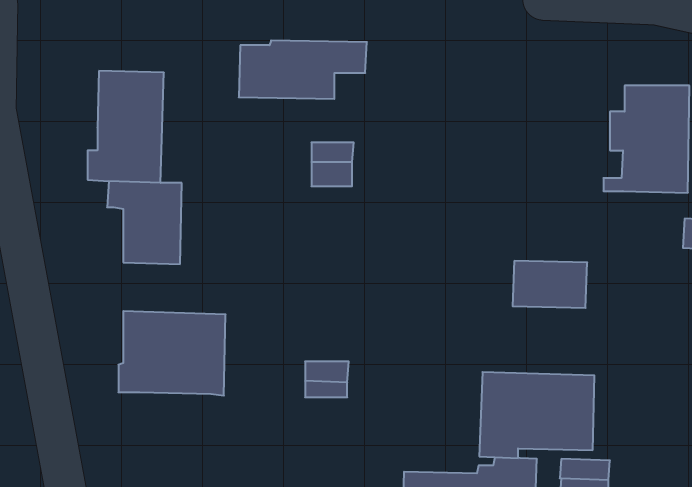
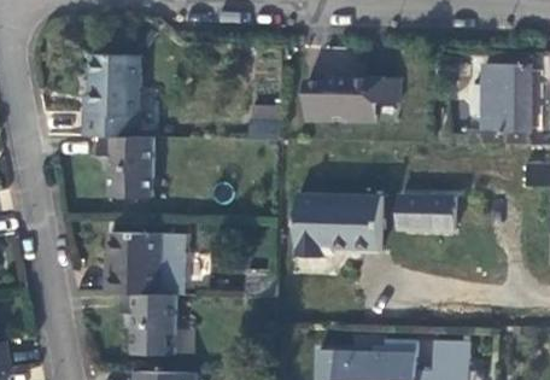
building: [239,40,367,99] -> [304,77,399,121]
building: [479,372,594,458] -> [296,193,381,257]
building: none -> [121,292,175,353]

